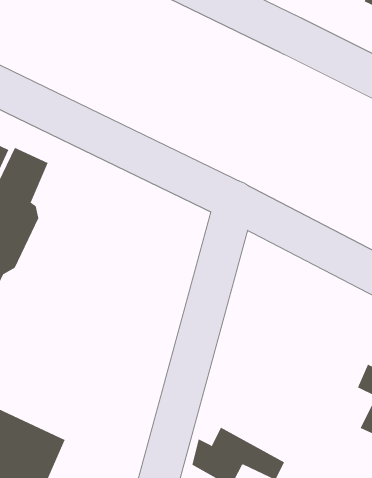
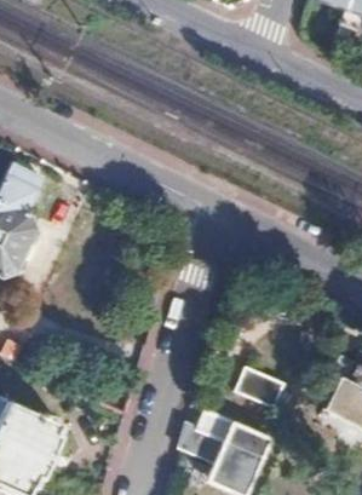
building: none -> [237,364,286,405]

